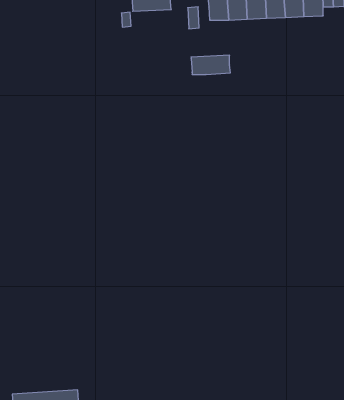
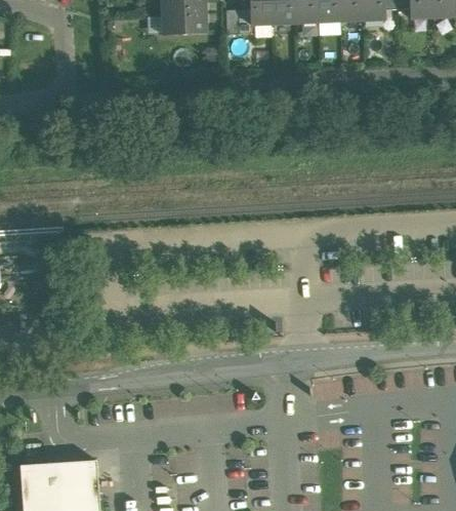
building: [191,55,230,74] -> [161,13,207,36]

